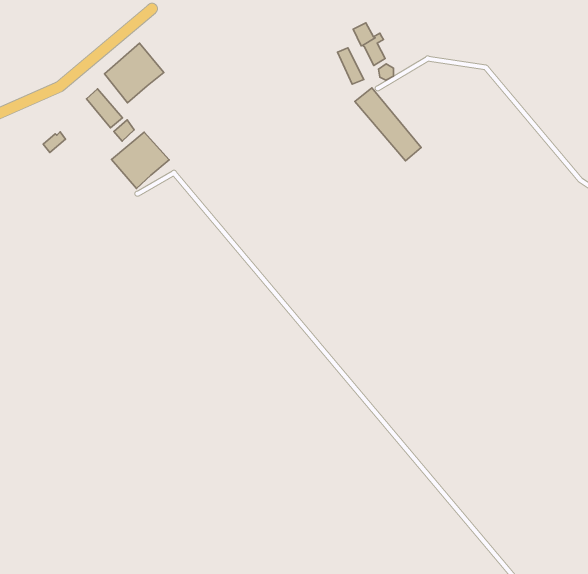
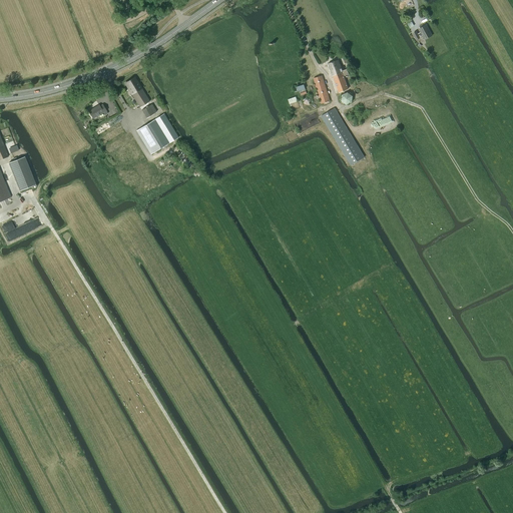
building: [104,43,164,103] -> none

